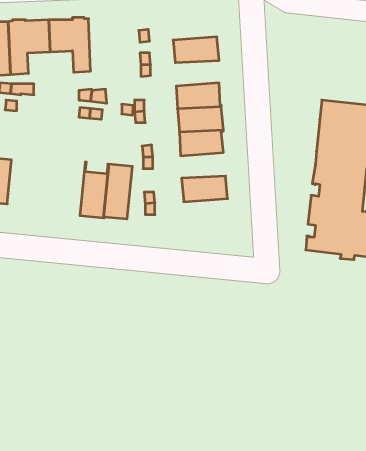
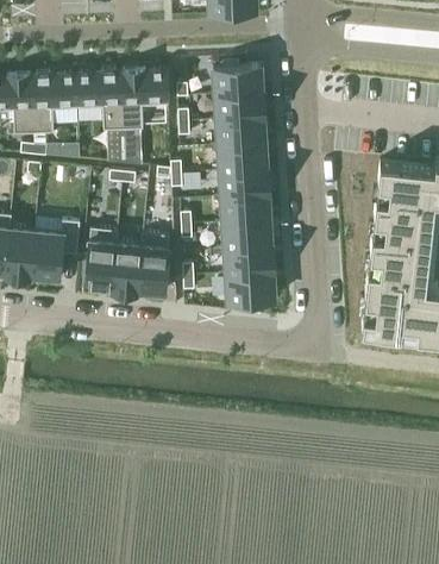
building: none -> [213,62,263,95]
building: none -> [120,70,168,130]
building: none -> [217,118,265,146]
building: none -> [30,220,80,278]
building: none -> [222,220,272,249]
building: none -> [84,227,117,290]
building: none -> [226,271,275,306]

